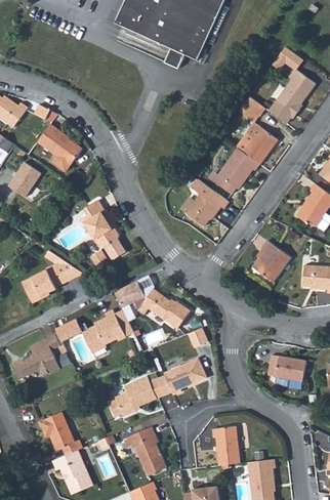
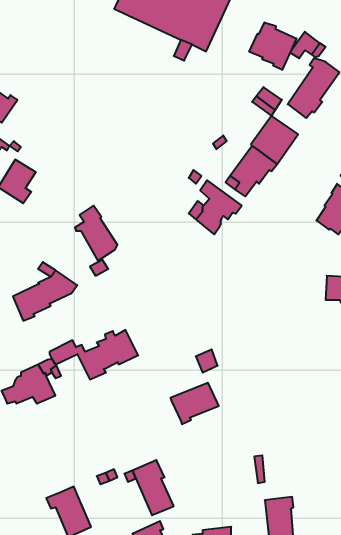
building: none -> [249,22,296,70]
building: [37,123,82,165] -> none
building: [251,239,289,279] -> none
building: [115,281,191,332] -> none
building: [267,357,304,384] -> none
building: [116,375,173,418] -> none
building: [39,414,82,456] -> none
building: [211,427,240,466] -> none

